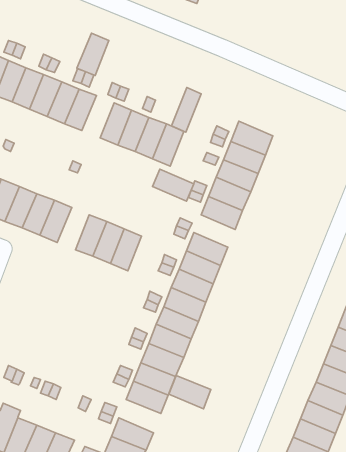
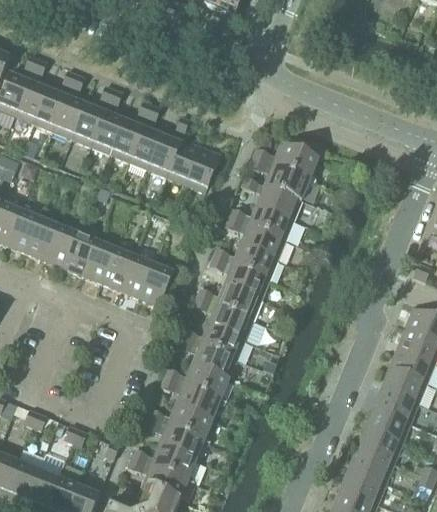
building: [77,33,109,75] -> [109,116,144,162]
building: [172,87,201,132] -> none
building: [152,169,194,201] -> [231,246,276,281]
building: none -> [82,238,117,284]
building: [169,376,211,409] -> [149,447,195,483]

